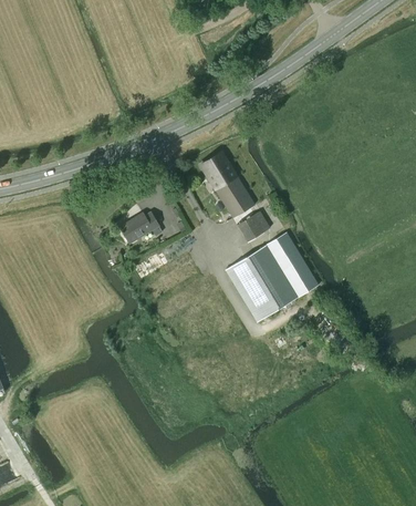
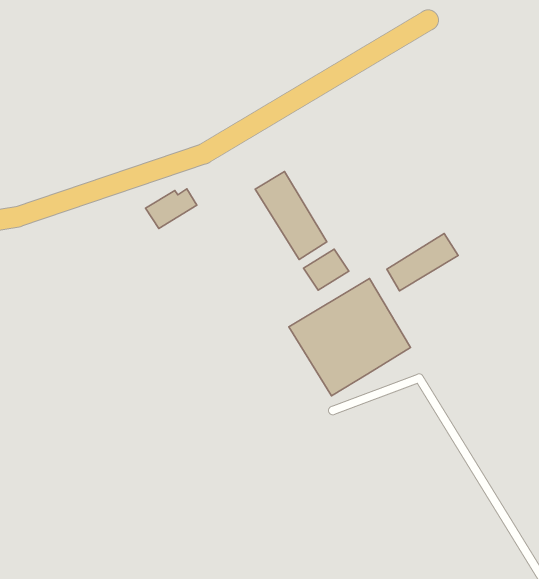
building: none -> [387,234,458,291]
building: [119,213,158,242] -> [146,189,197,229]

